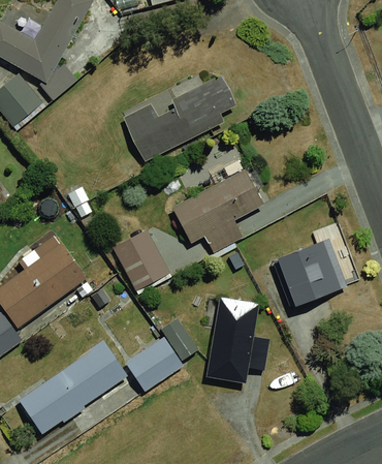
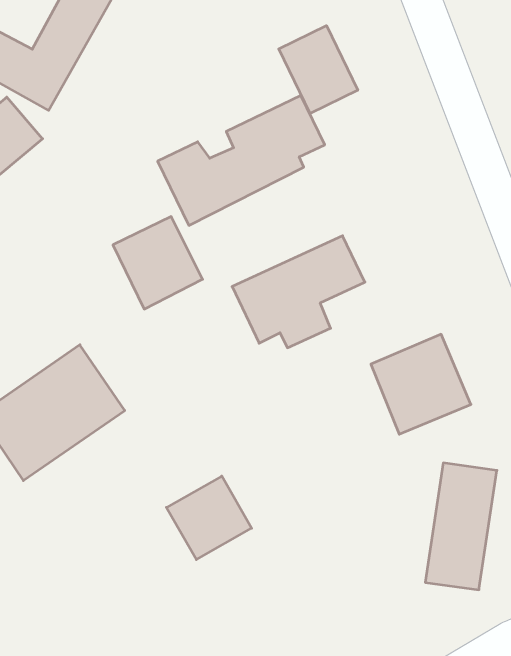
building: none -> [279,26,358,114]
building: [107,231,169,296] -> [113,217,203,309]
building: [212,290,261,378] -> [425,463,497,590]
building: [19,344,131,439] -> none

